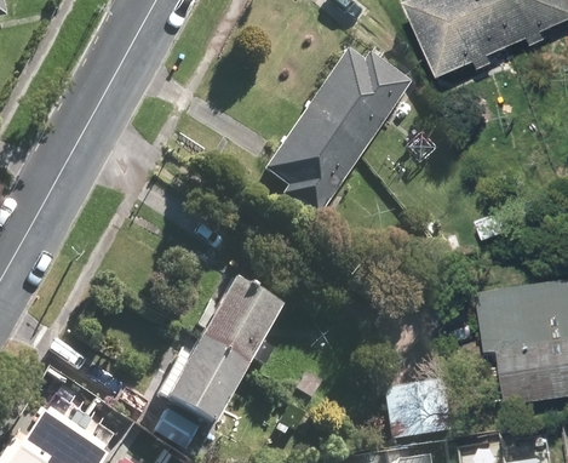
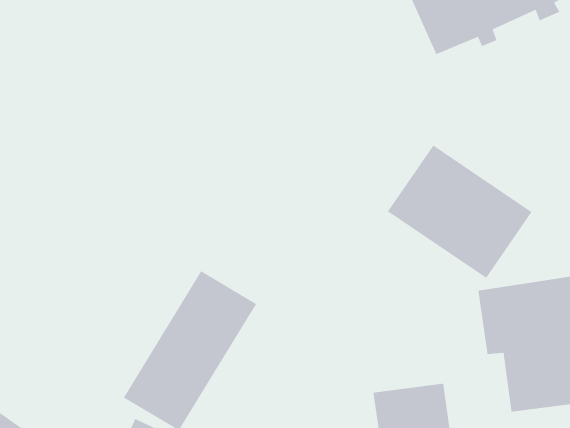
building: [264,48,411,217] -> none
building: none -> [387,144,533,279]

